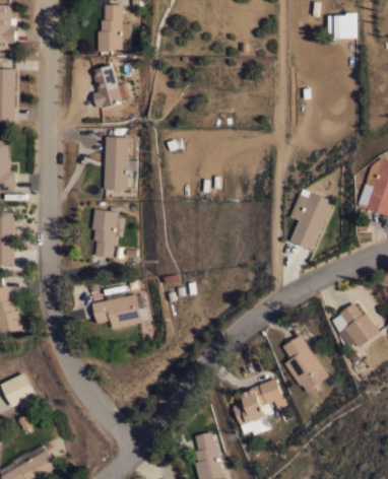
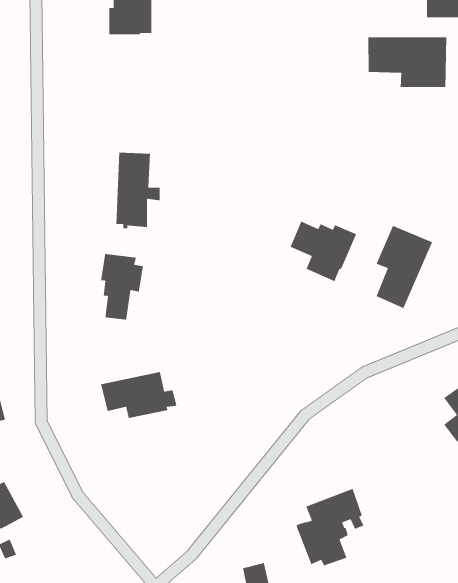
building: none -> [367,36,447,88]
building: [92,65,122,109] -> none
building: none -> [289,221,357,282]
building: [283,335,328,393] -> none

